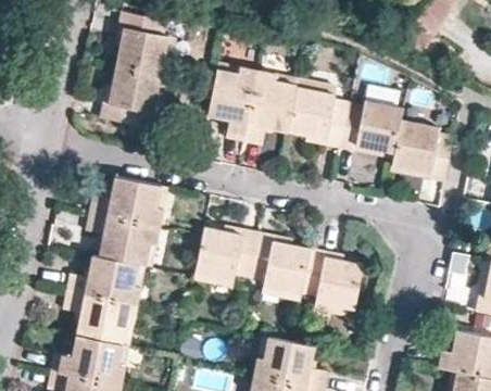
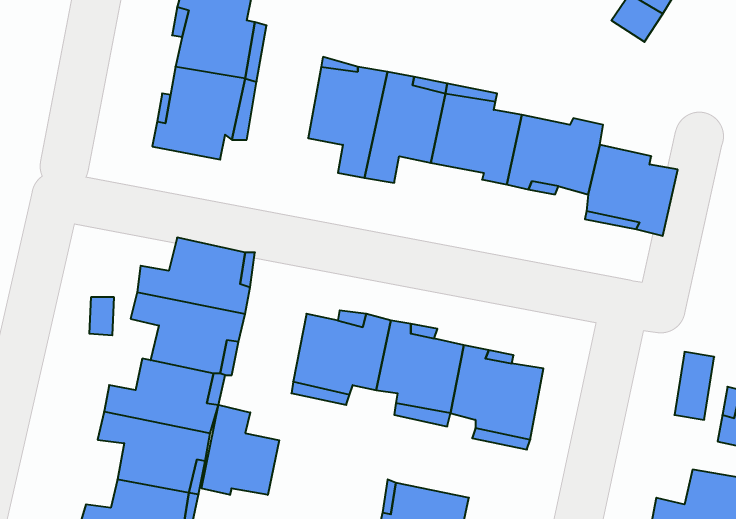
building: none -> [202,405,279,495]

